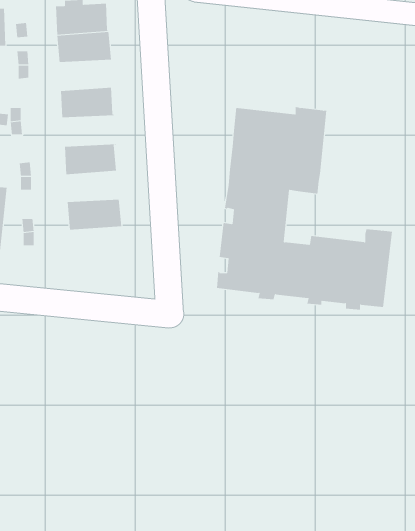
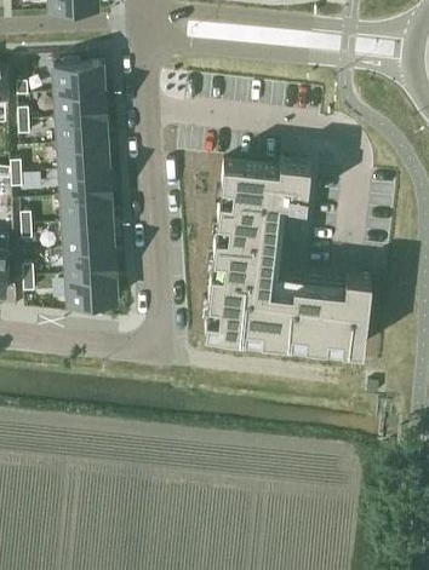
building: none -> [57,116,107,145]
building: none -> [59,168,111,197]
building: none -> [63,220,114,249]
building: none -> [67,272,116,307]

